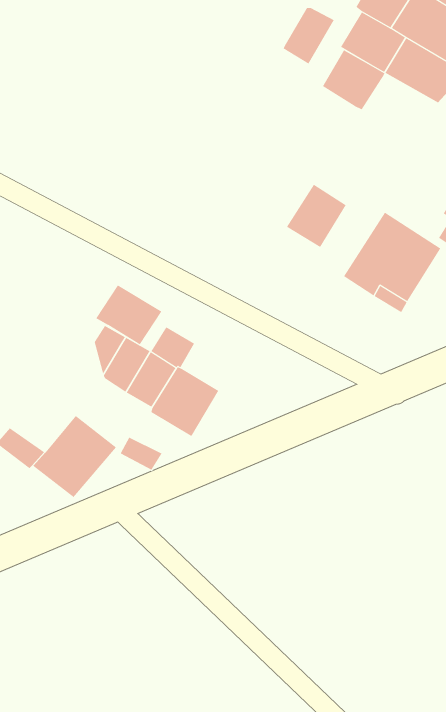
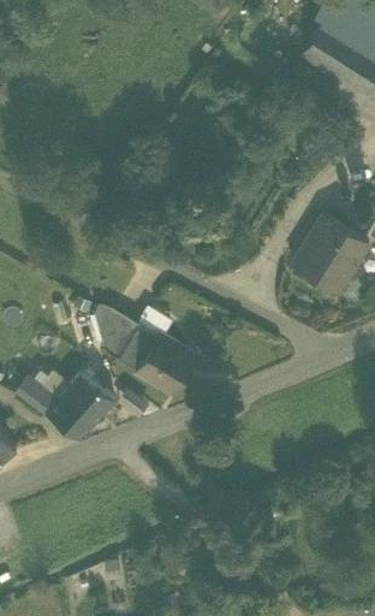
building: [283,7,335,65] -> none
building: [322,50,385,110] -> none
building: [286,184,347,248] -> none
building: [95,285,162,345] -> none

